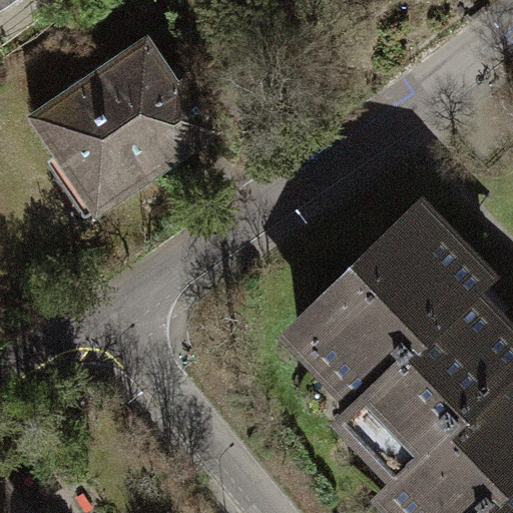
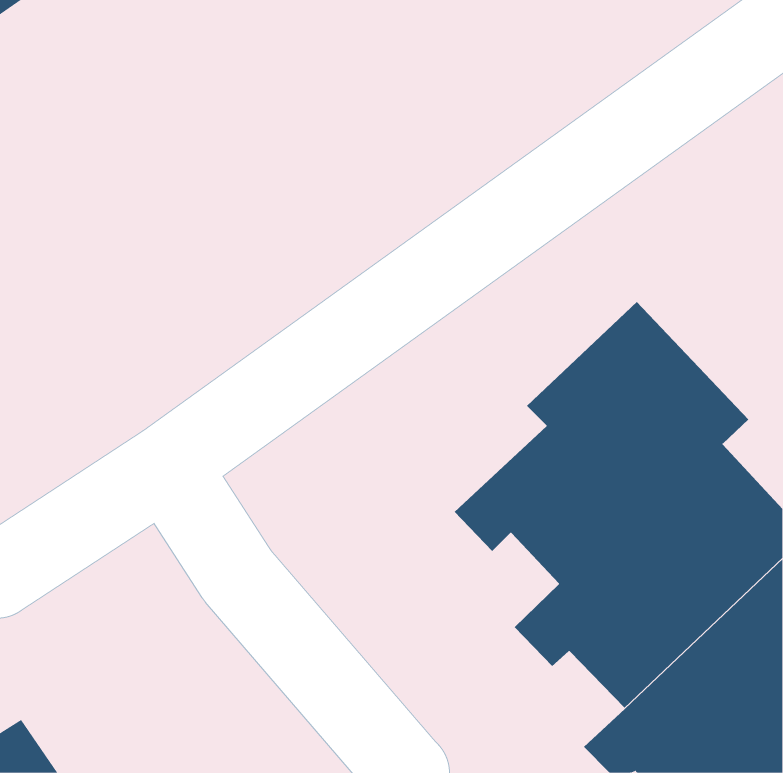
building: [23,35,228,226] -> none

